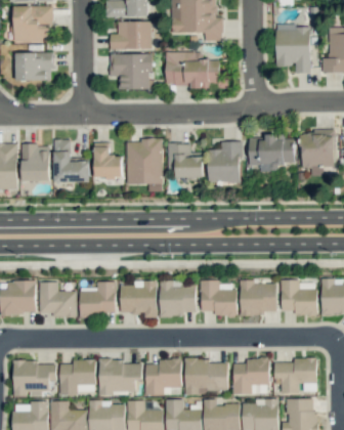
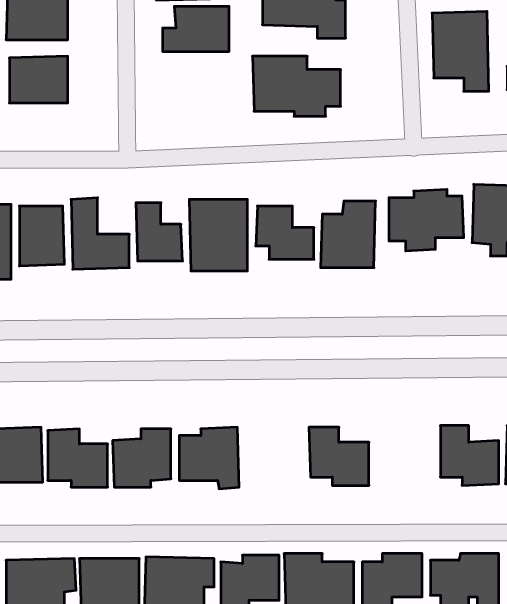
building: [111,53,152,90] -> none
building: [241,282,277,316] -> none
building: [161,283,197,317] -> none

